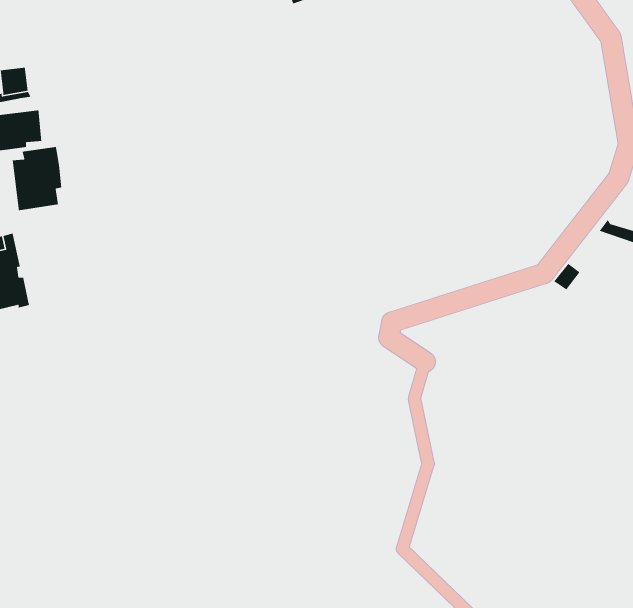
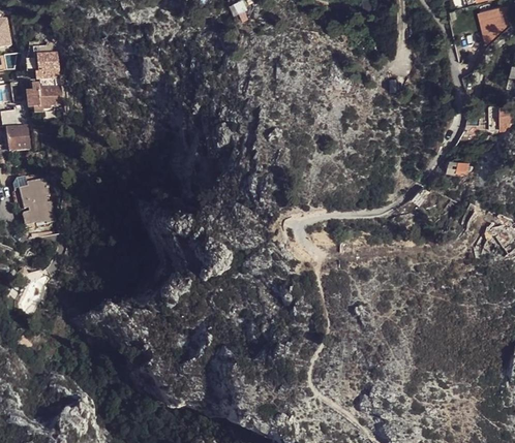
building: [12,146,62,211] -> none

